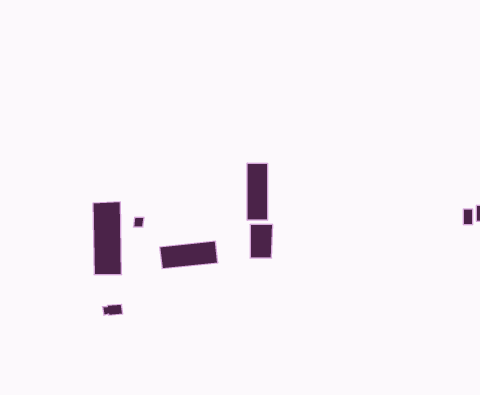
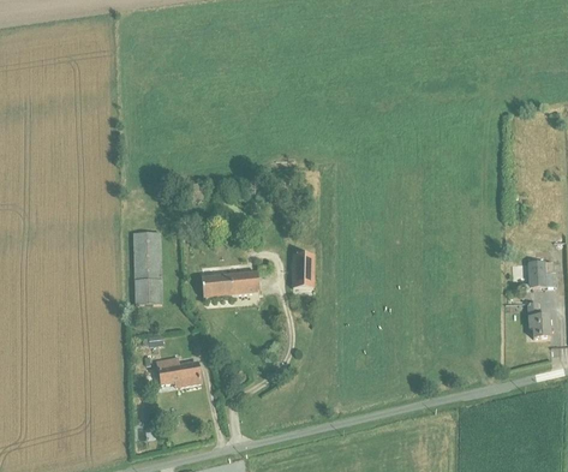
building: [247,163,267,220] -> none
building: none -> [157,354,201,384]

